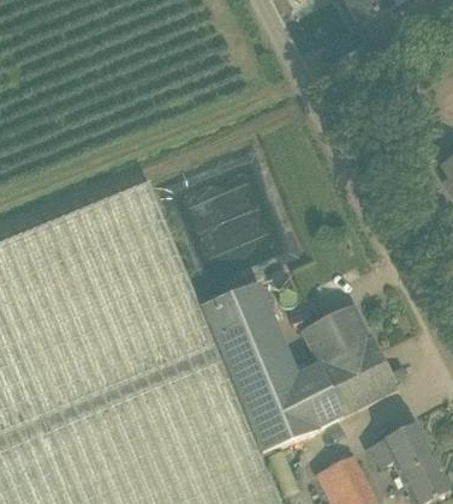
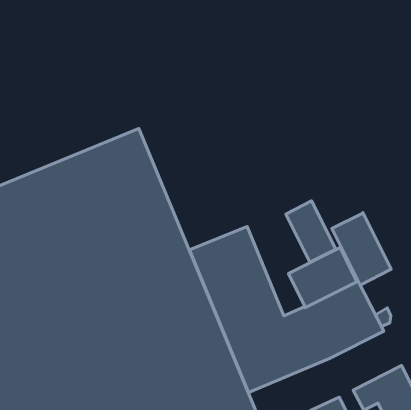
building: none -> [286,201,336,263]
building: none -> [332,212,391,285]

